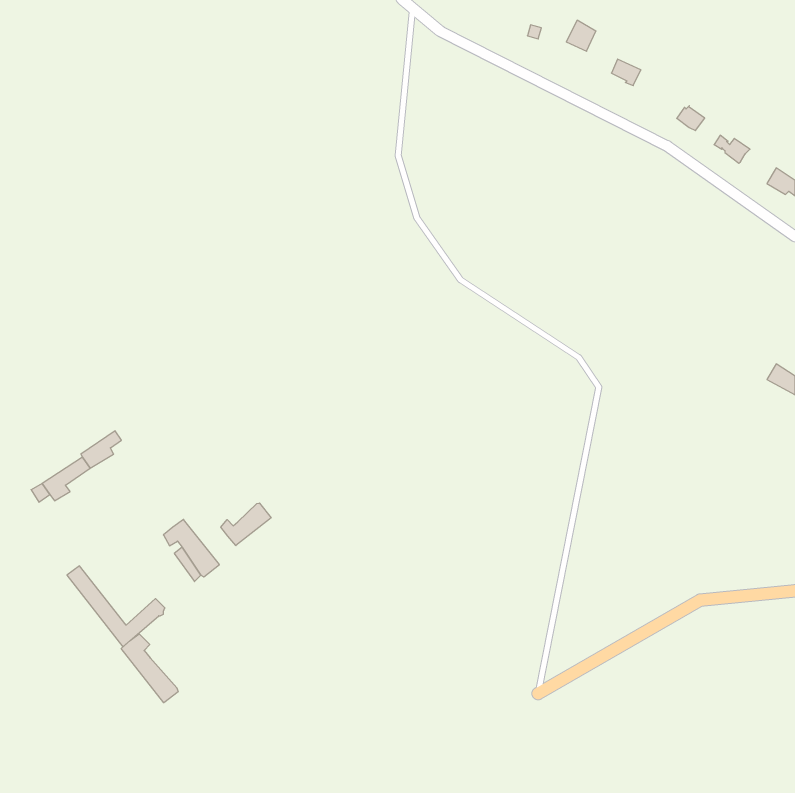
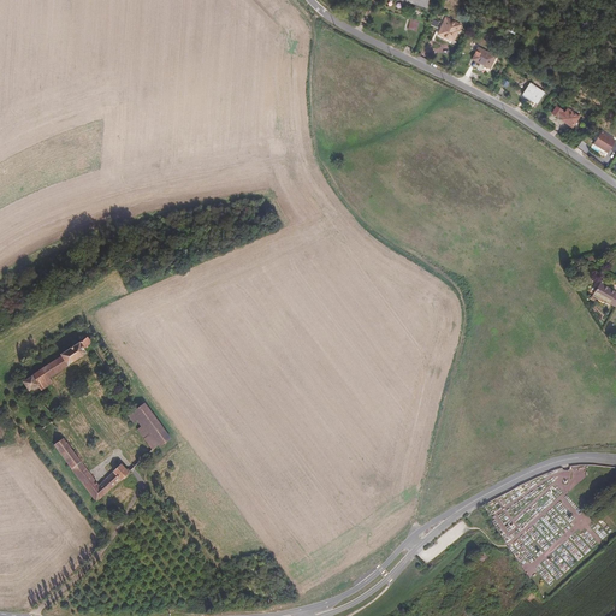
building: [221,503,271,546] -> none
building: [121,634,178,703] -> none

